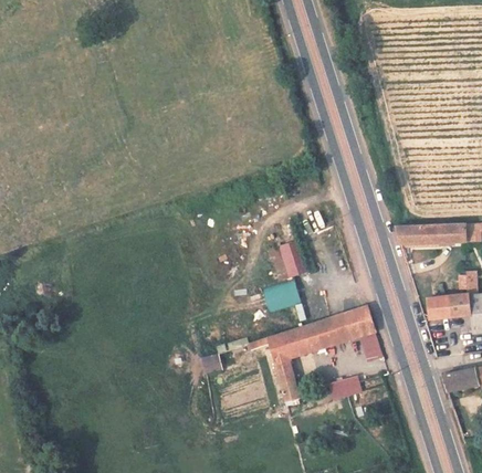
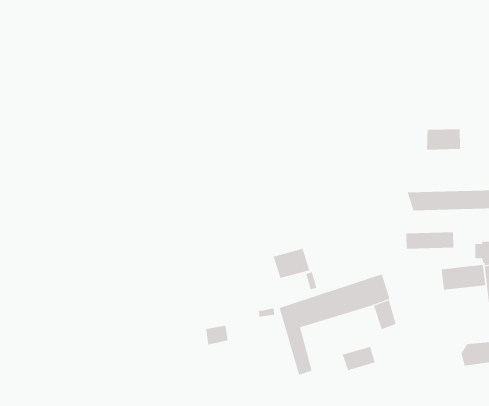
building: none -> [427,128,461,151]
building: [279,240,304,275] -> none
building: none -> [406,232,454,249]

